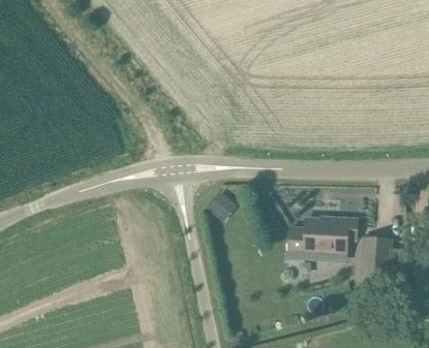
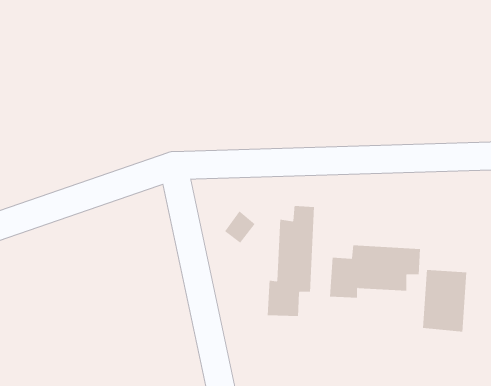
building: none -> [267,205,315,317]

